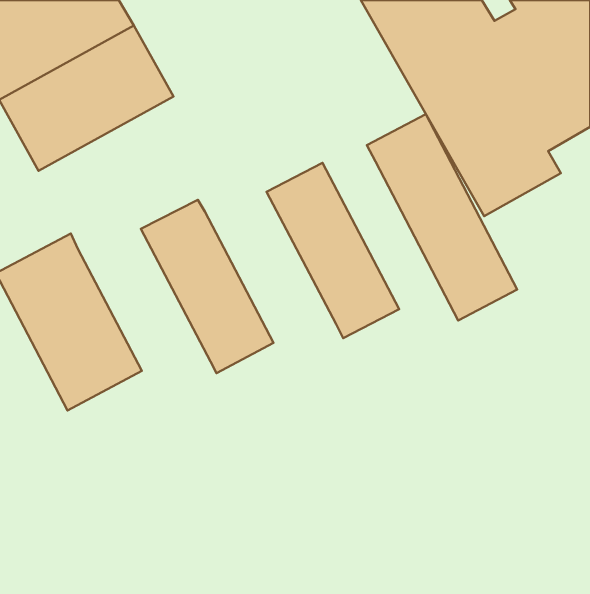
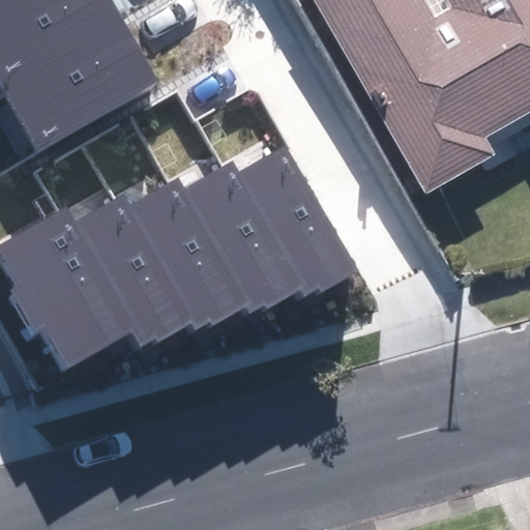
building: [367,114,517,320] -> none
building: none -> [182,161,299,315]
building: none -> [69,195,187,349]

